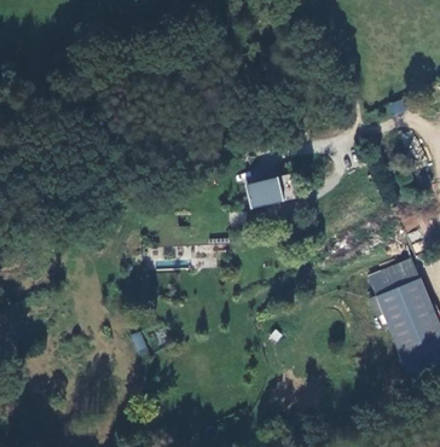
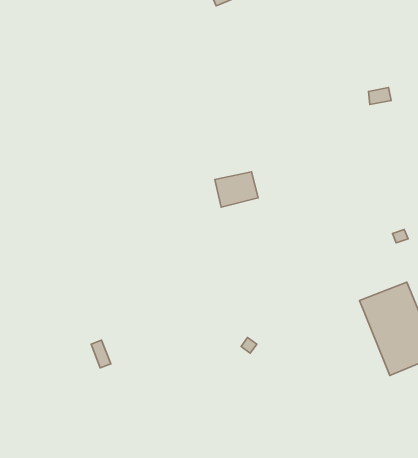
building: [369,260,419,295] -> none

